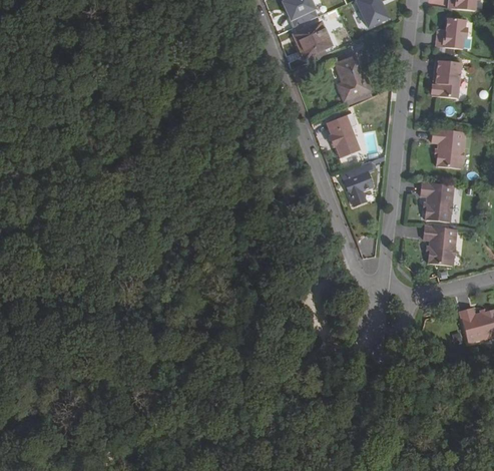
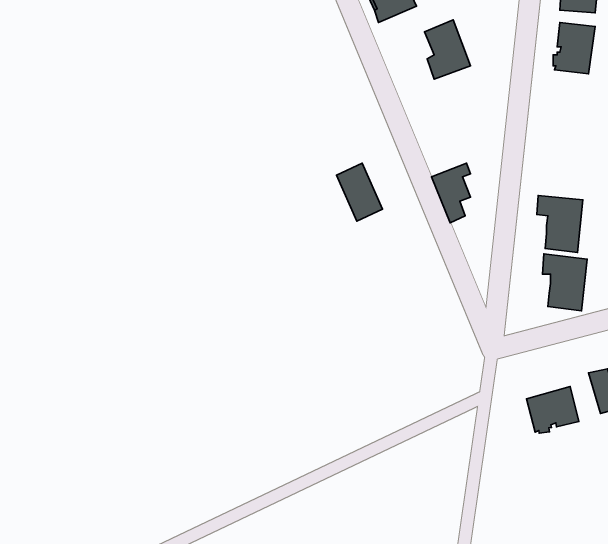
building: [324,113,358,156] -> [337,163,383,221]
building: [431,130,464,170] -> none
building: none -> [527,387,579,433]

